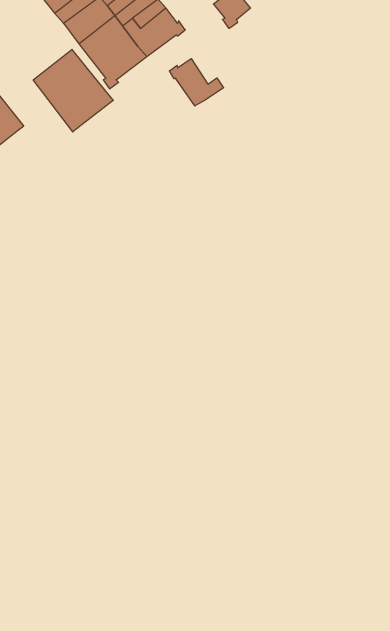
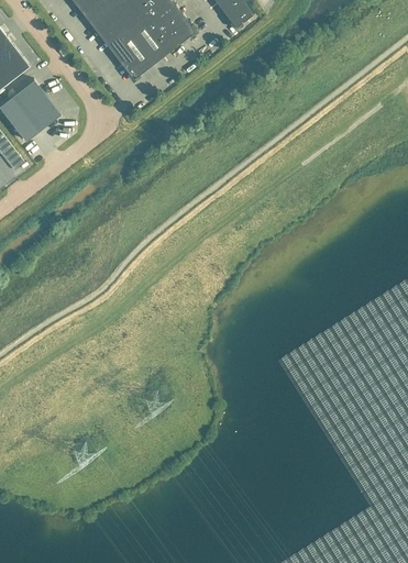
building: [33,49,113,132] -> none
building: [169,59,224,106] -> none

